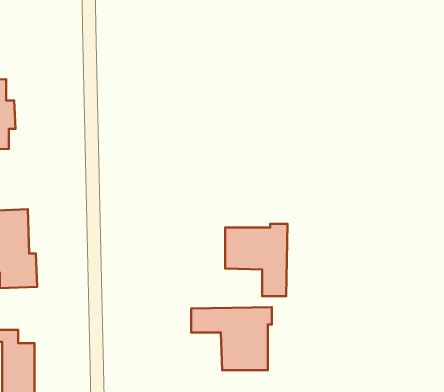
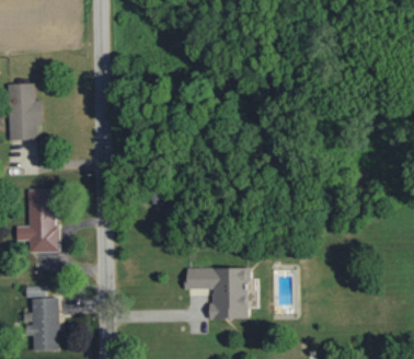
building: [225,224,287,296] -> none

